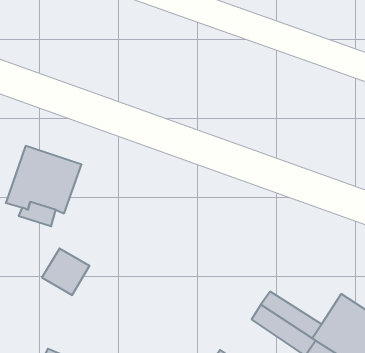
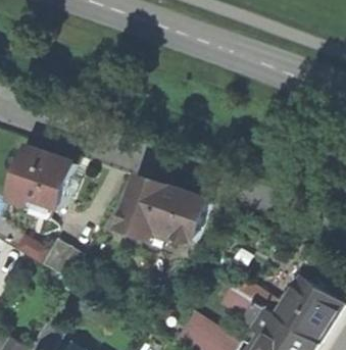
building: none -> [121,177,207,241]

